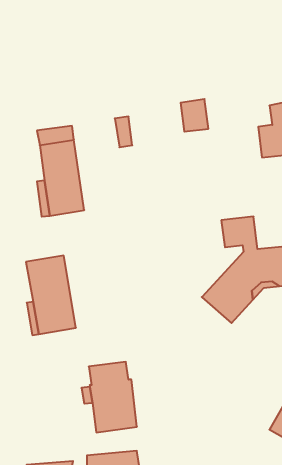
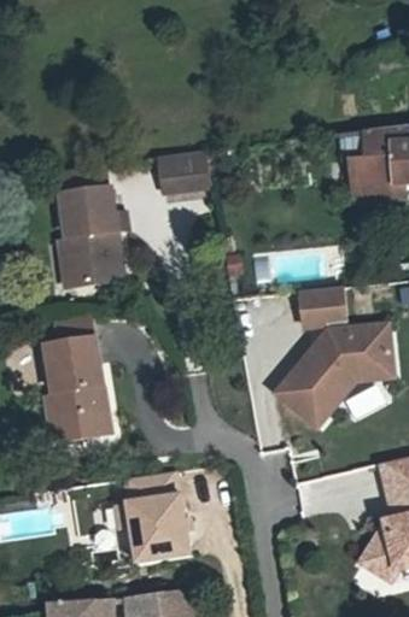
building: [181,99,208,132] -> [179,149,215,192]

